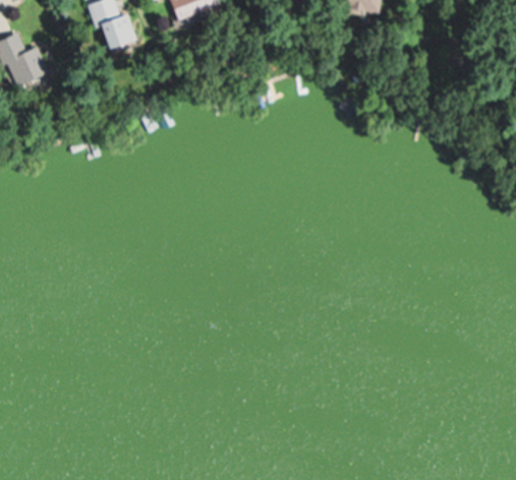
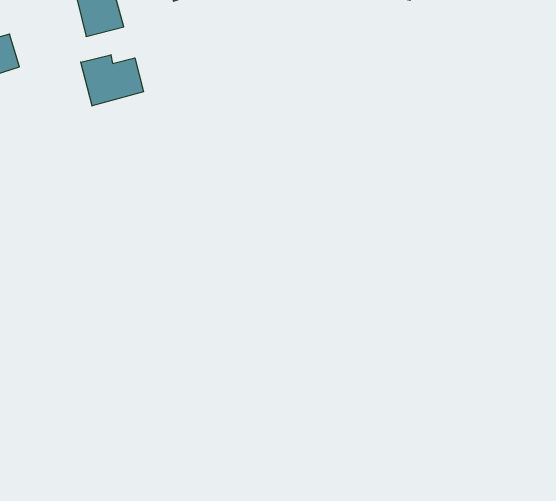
building: none -> [81,55,144,106]

